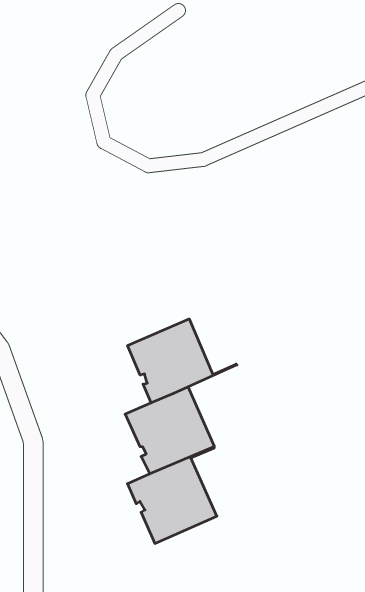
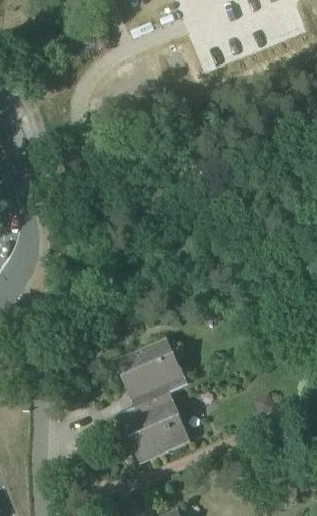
building: [128,319,237,403] -> none

